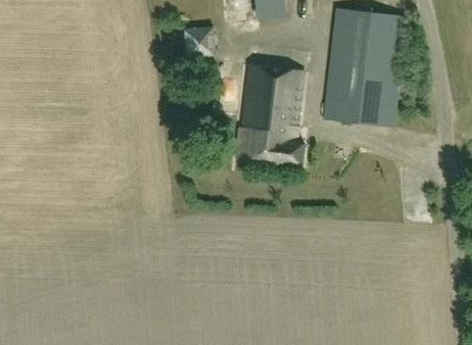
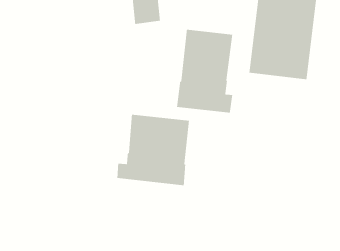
building: none -> [116,114,190,186]

